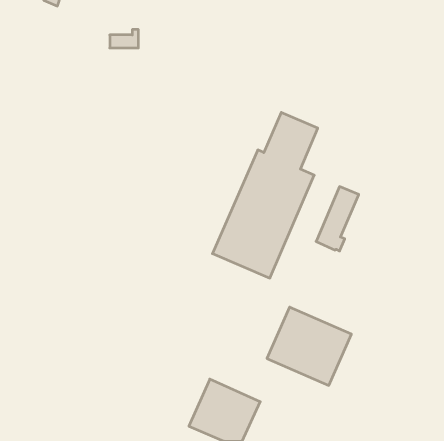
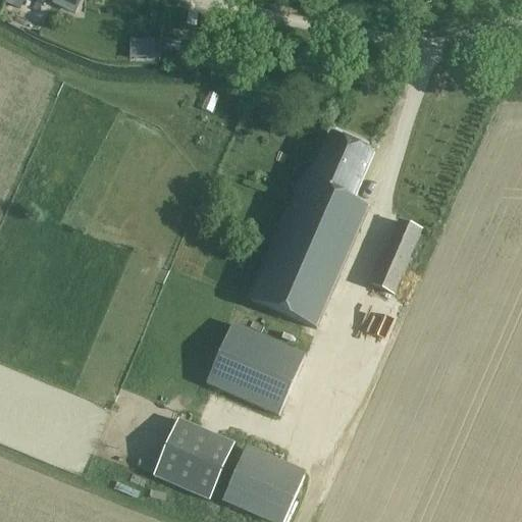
building: [267,307,351,385] -> [205,321,304,413]
building: none -> [153,417,233,499]

